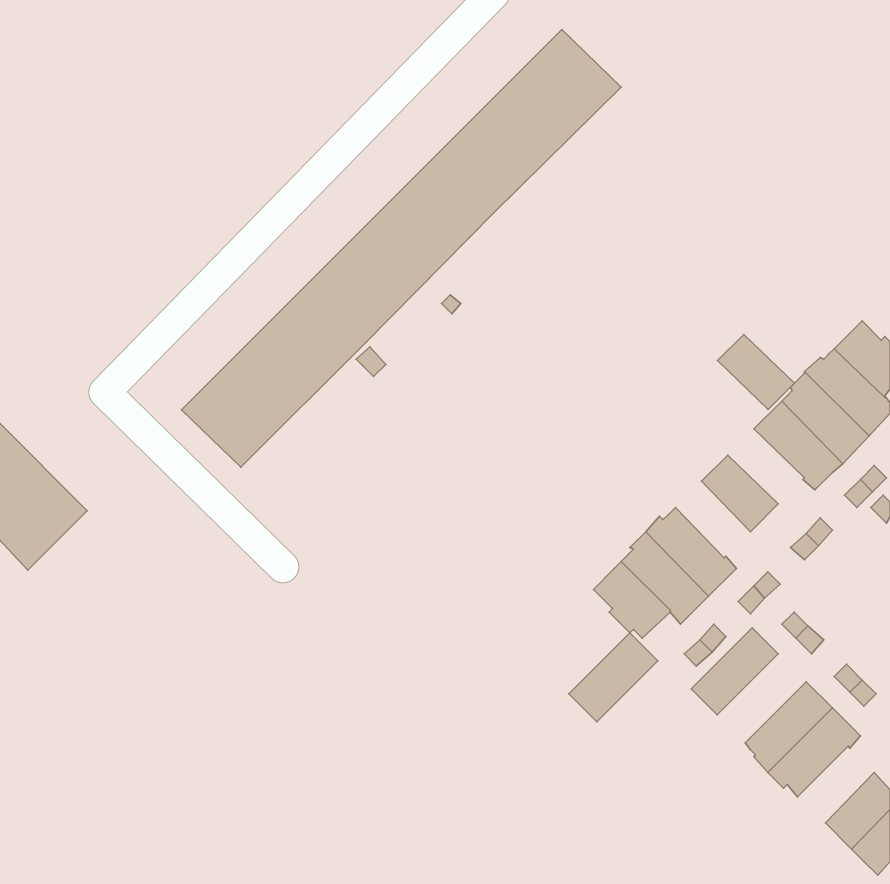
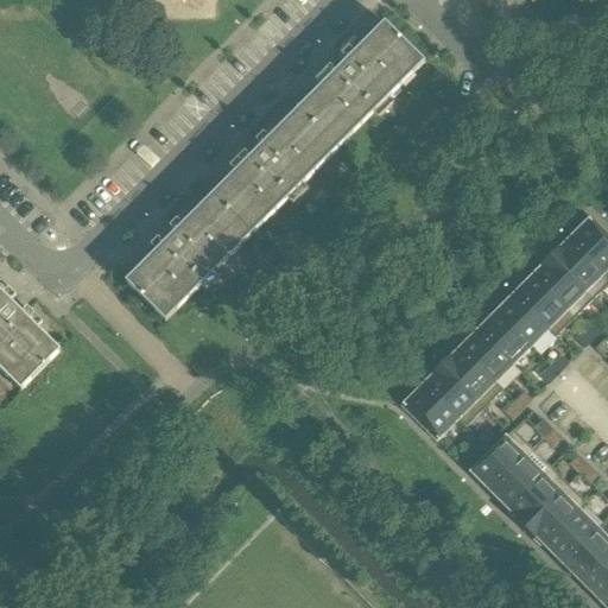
building: [718,334,794,409] -> [495,292,547,343]
building: none -> [460,328,511,380]
building: [569,633,658,722] -> [488,445,549,506]
building: none -> [543,508,595,560]

